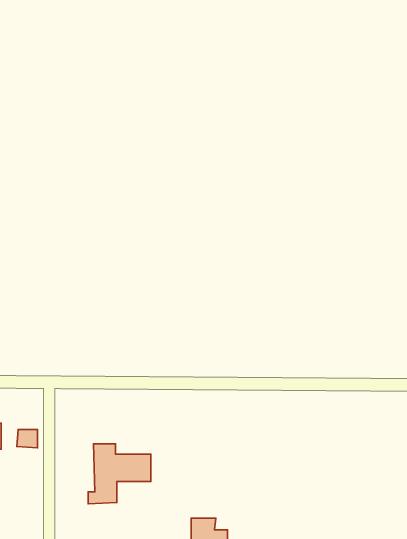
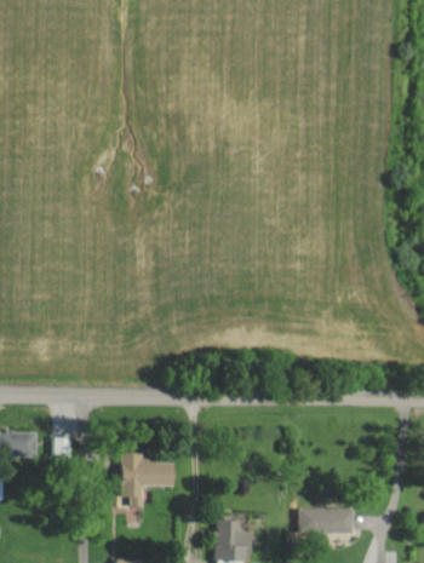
building: none -> [297,509,346,534]

